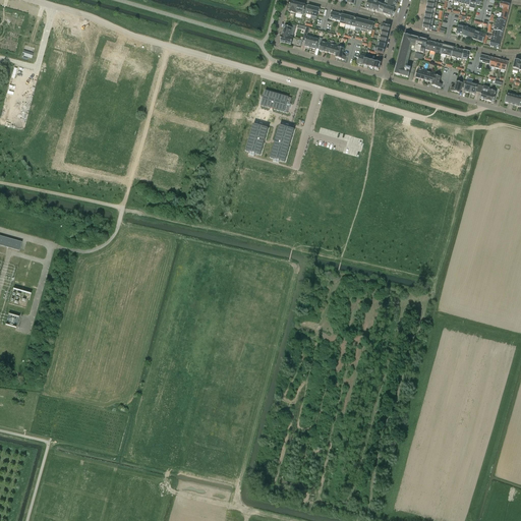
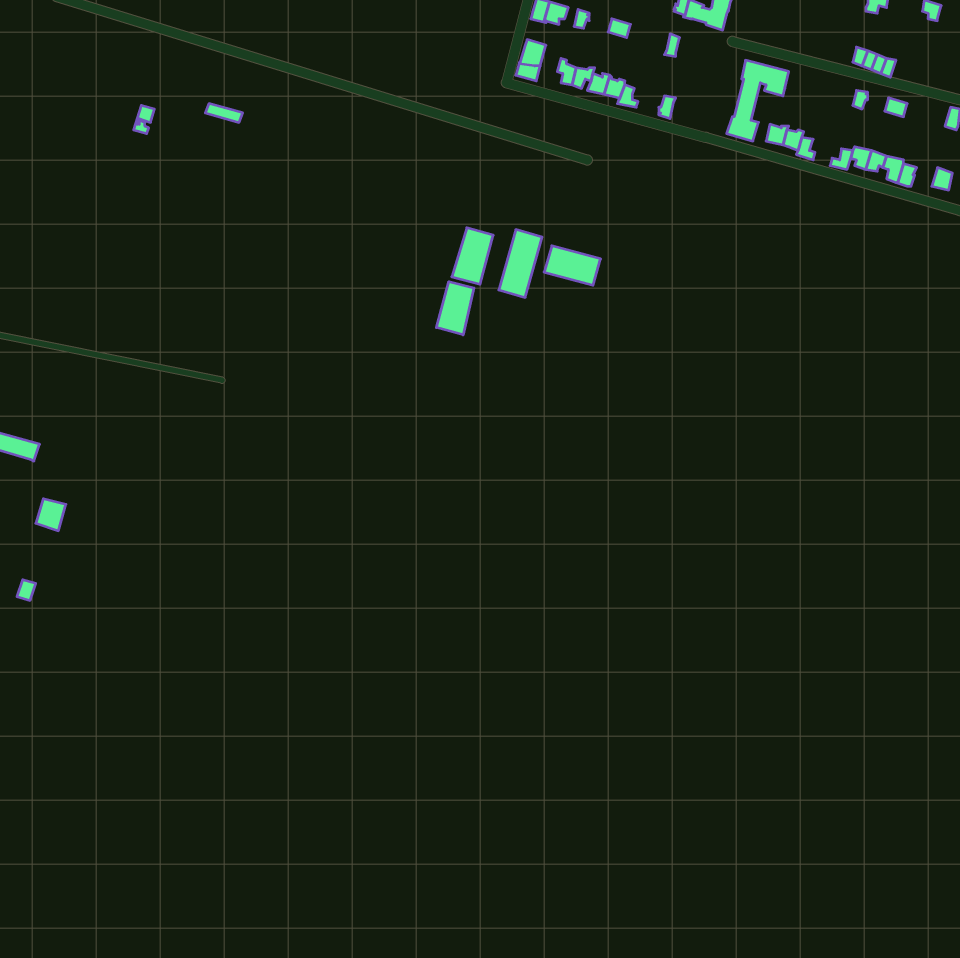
building: [259,90,290,111] -> [544,246,601,285]
building: none -> [436,282,474,335]

